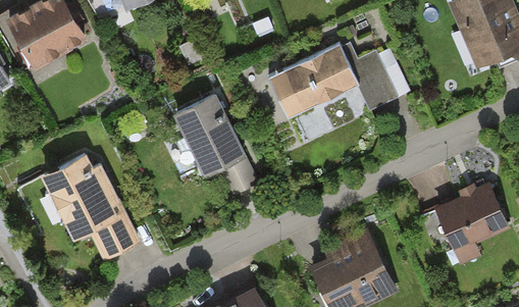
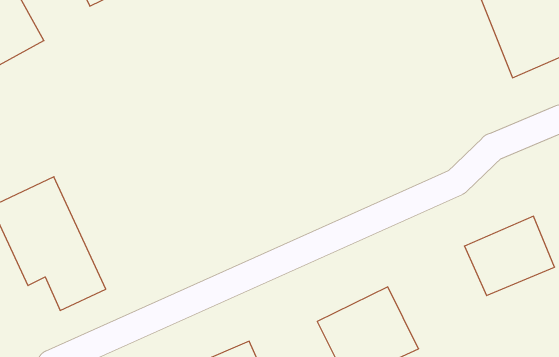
building: [263,43,395,120] -> none
building: [176,94,250,181] -> none

